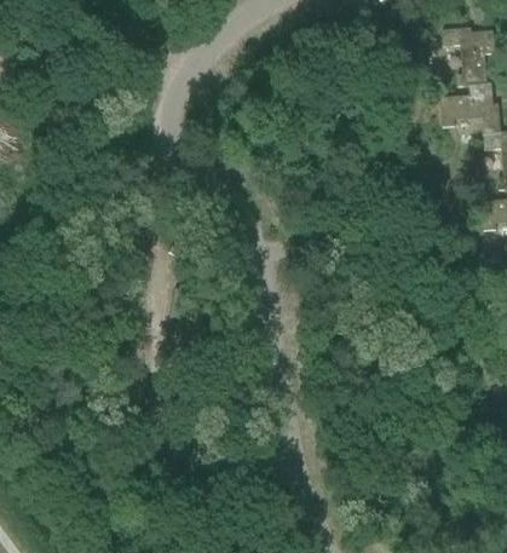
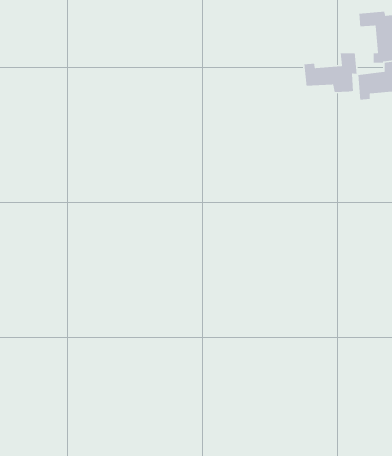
building: none -> [304,52,357,93]

